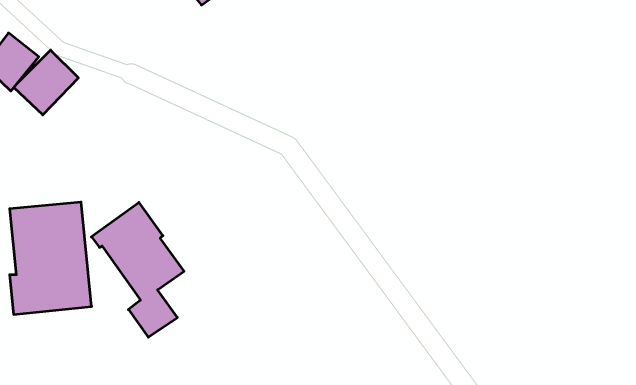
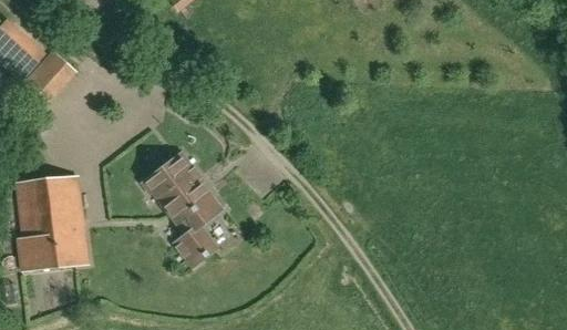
building: [91,202,184,337] -> [143,154,220,267]

